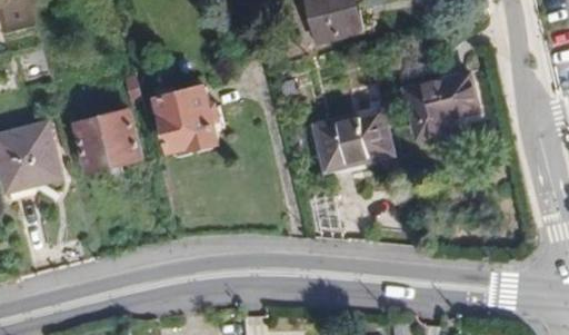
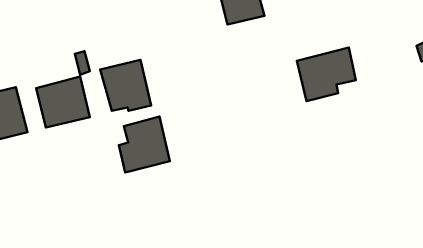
building: [312,107,392,169] -> none
building: none -> [119,117,170,172]

